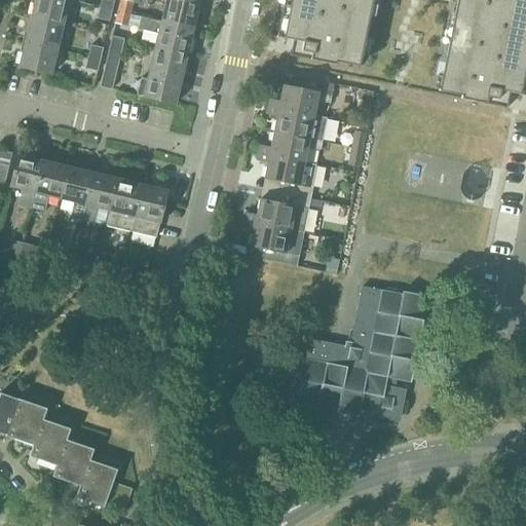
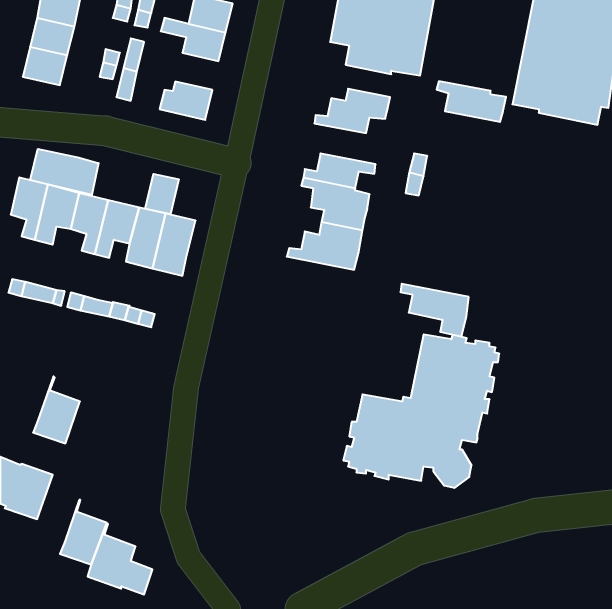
building: [151,45,188,77] -> none
building: [268,106,328,141] -> [437,81,506,122]
building: none -> [30,149,99,195]
building: none -> [145,174,179,214]
building: [246,220,304,265] -> [400,284,469,337]
building: [29,407,69,464] -> [33,376,80,443]

